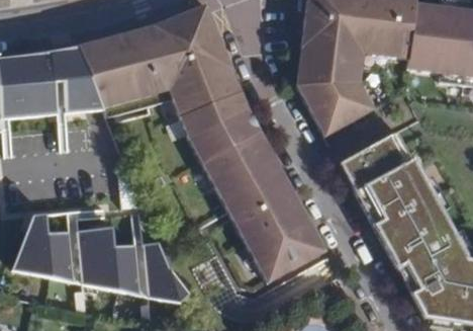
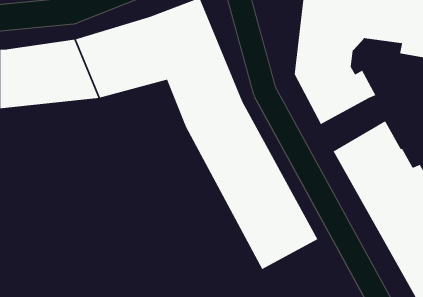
building: [14,209,199,306] -> none

